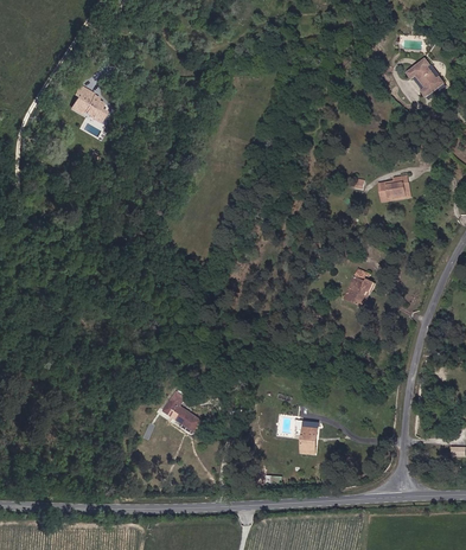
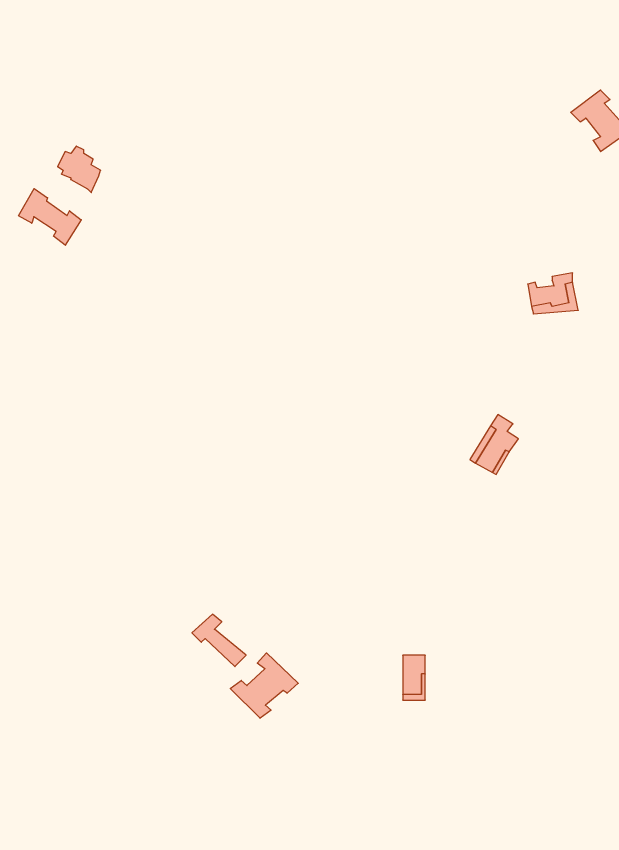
building: none -> [19,189,81,245]
building: none -> [230,653,298,718]

